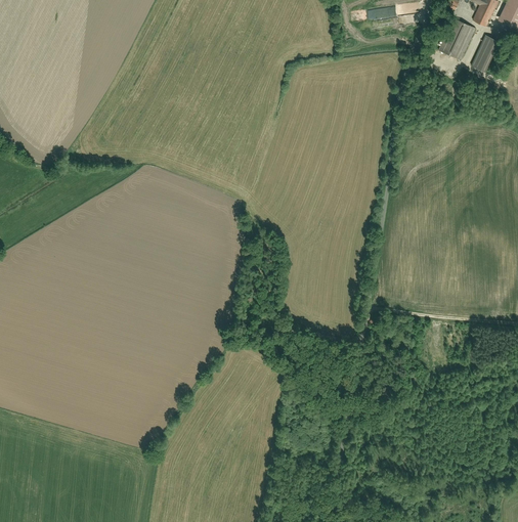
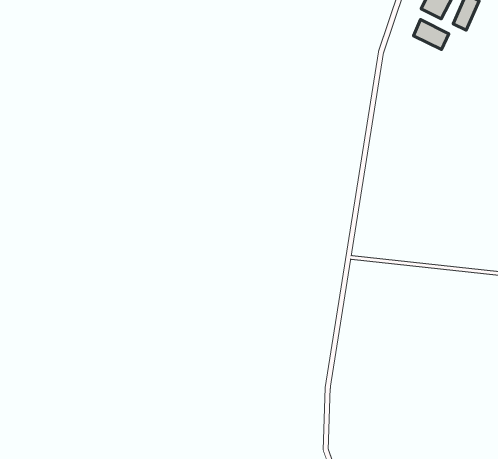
building: none -> [414,20,449,49]

